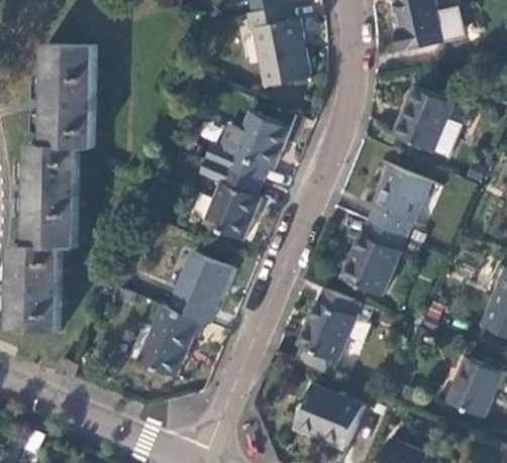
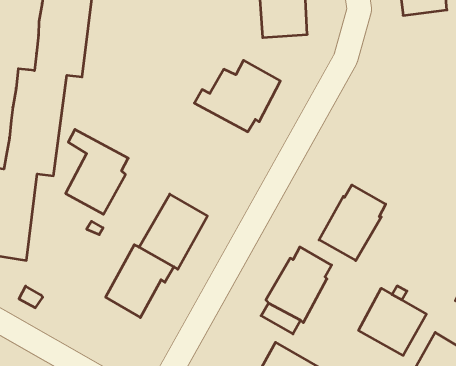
building: [395,87,453,150] -> none
building: [200,159,261,239] -> [66,129,128,214]
building: [369,165,429,237] -> none
building: none -> [359,288,426,355]

